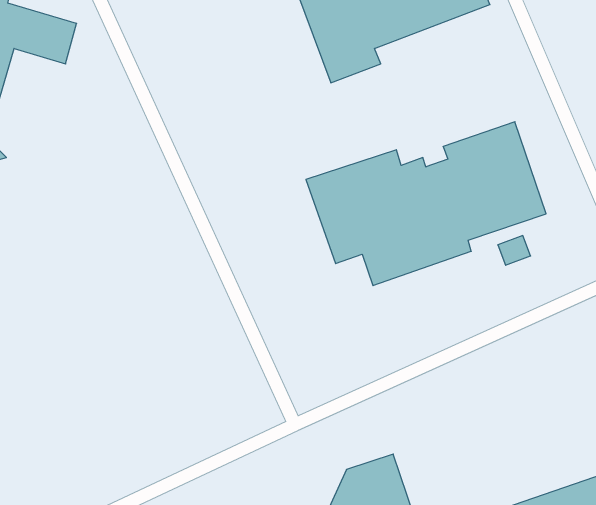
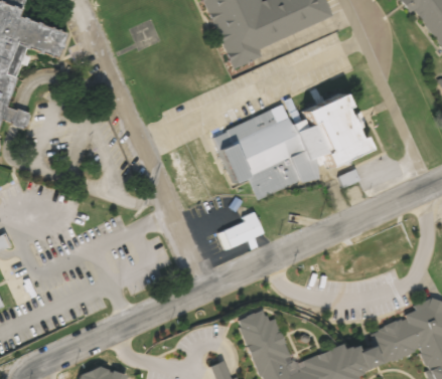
building: none -> [216,211,264,250]

